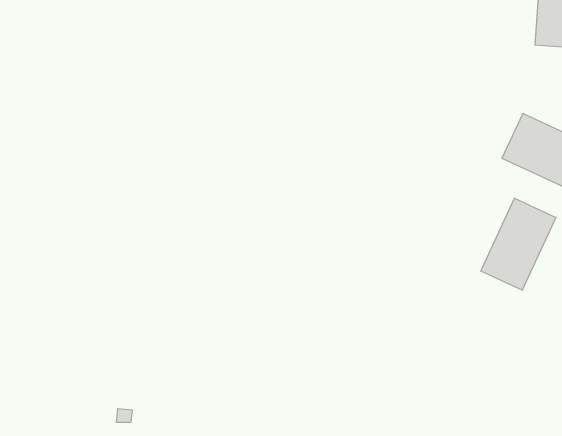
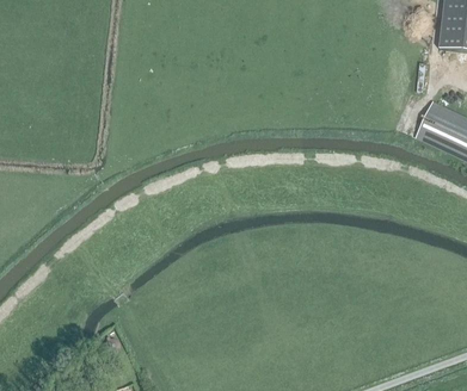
building: [481,198,556,290] -> none

